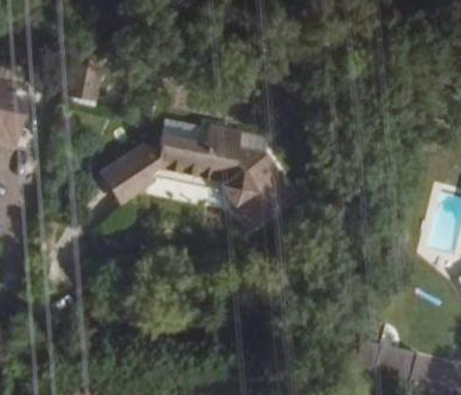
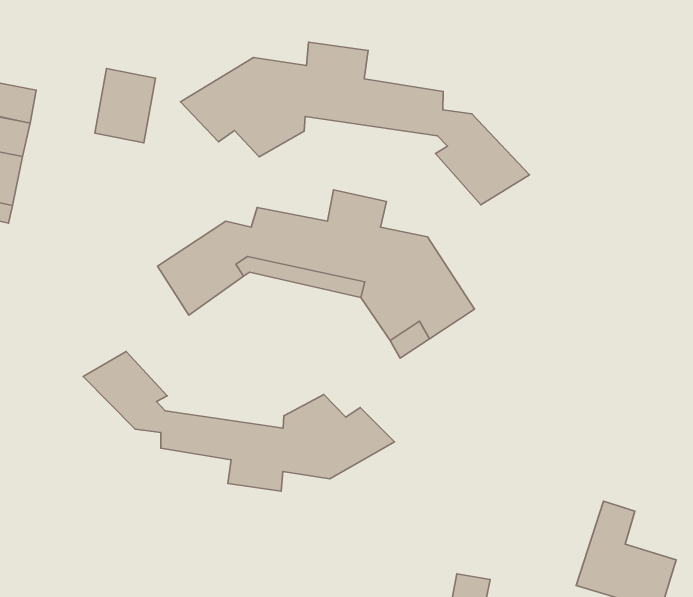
building: none -> [180,42,530,205]
building: none -> [83,352,394,491]

